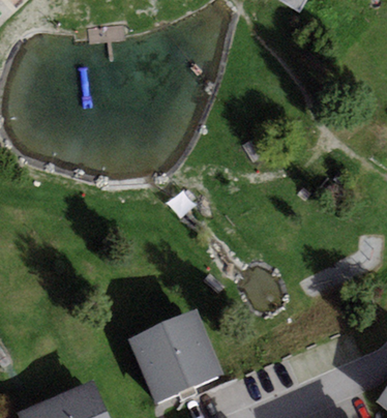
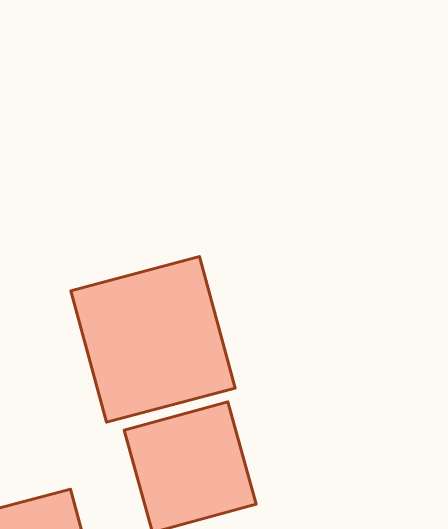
building: none -> [71,257,235,422]

